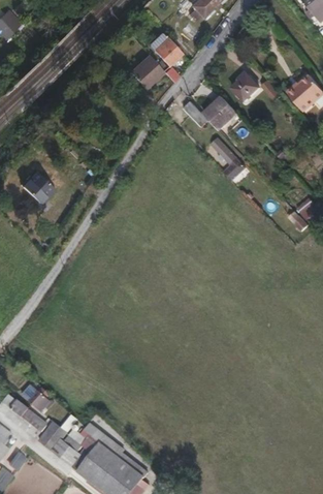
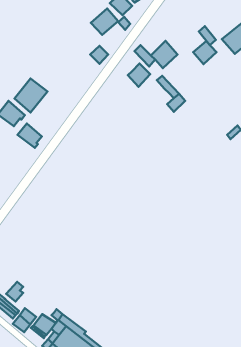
building: [230,73,258,101] -> [193,41,216,64]
building: none -> [128,64,150,87]
building: none -> [15,79,48,112]
building: none -> [18,123,42,148]

